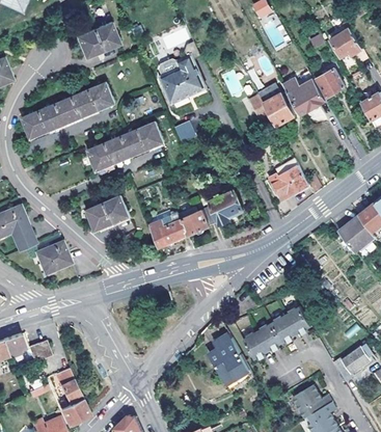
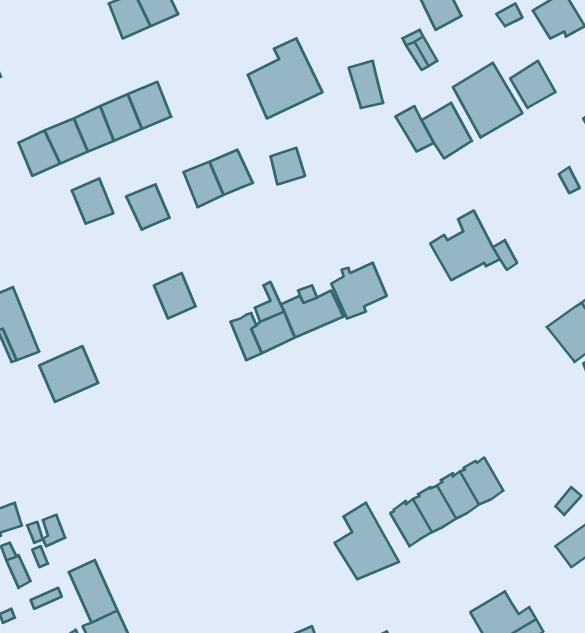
building: [104,136,129,163] -> [72,178,113,224]
building: [86,204,111,231] -> none

